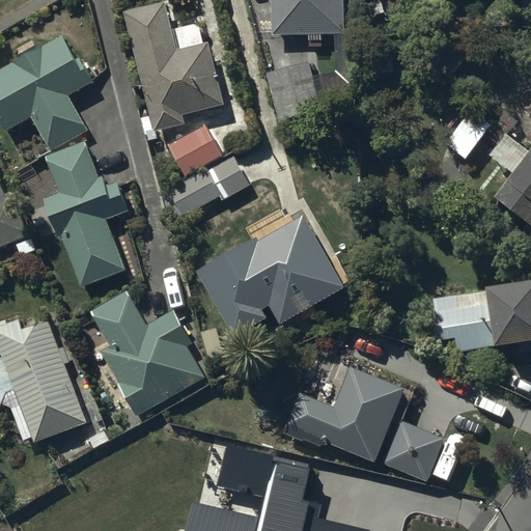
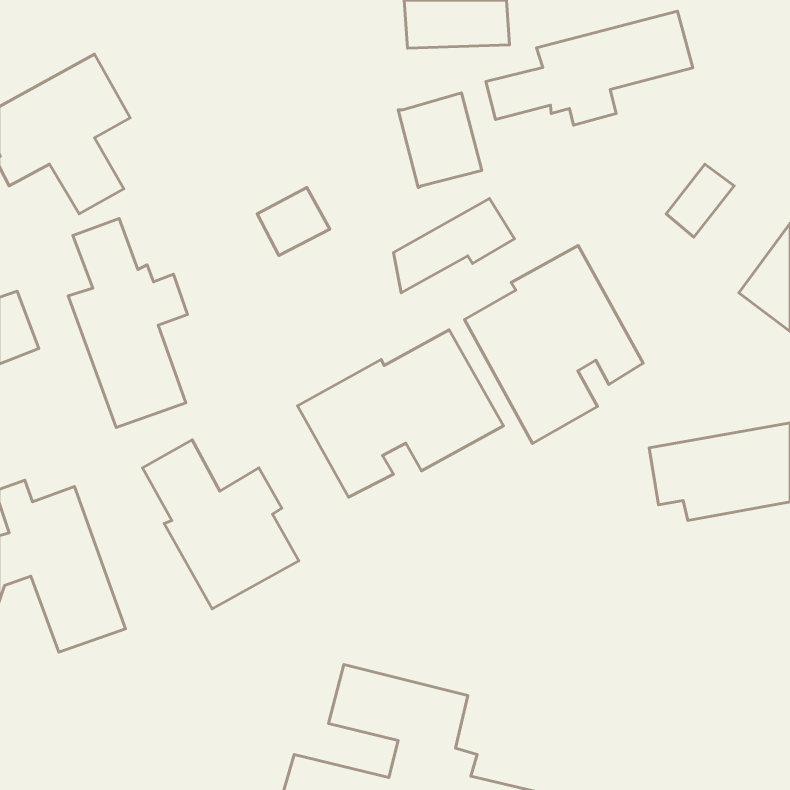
building: [130,5,221,130] -> none
building: none -> [486,11,693,125]
building: [170,158,251,221] -> [394,198,514,293]
building: none -> [464,245,643,444]
building: [289,370,402,458] -> none
building: [387,424,441,478] -> none

